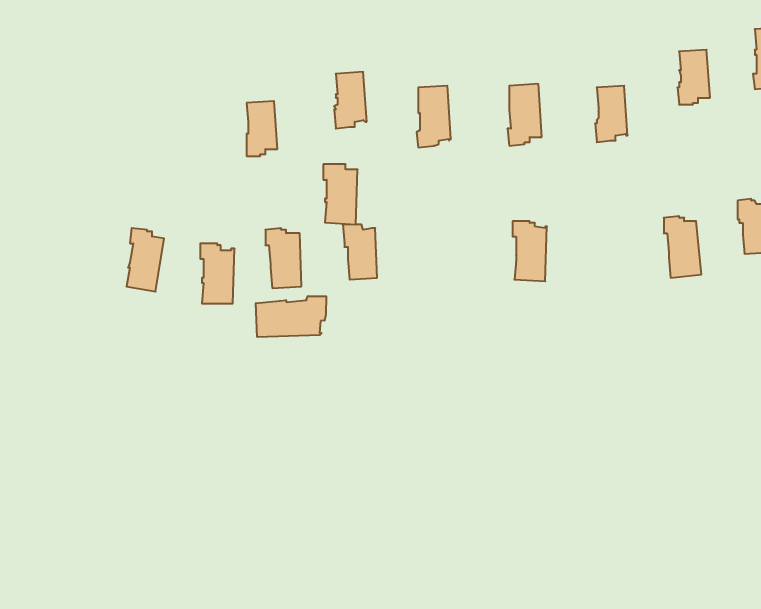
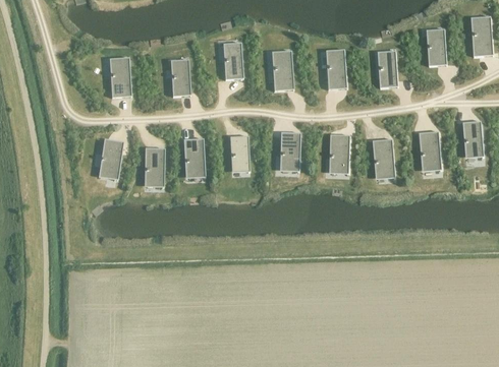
building: none -> [110,61,130,97]
building: [323,164,358,224] -> [279,132,299,168]
building: none -> [372,139,394,175]
building: [256,296,326,337] -> none

